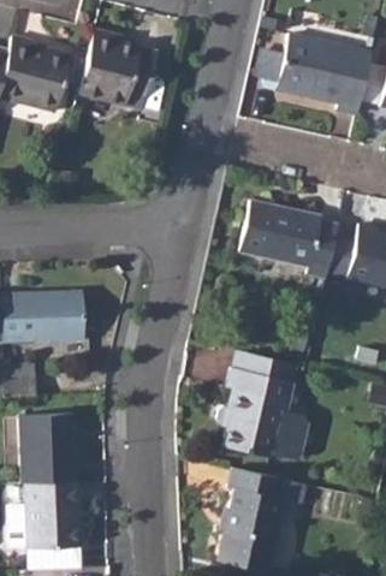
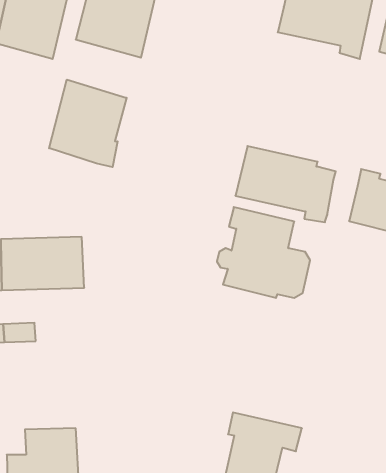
building: none -> [49,80,127,167]
building: [216,367,309,457] -> [217,207,310,298]
building: [20,414,77,481] -> none

